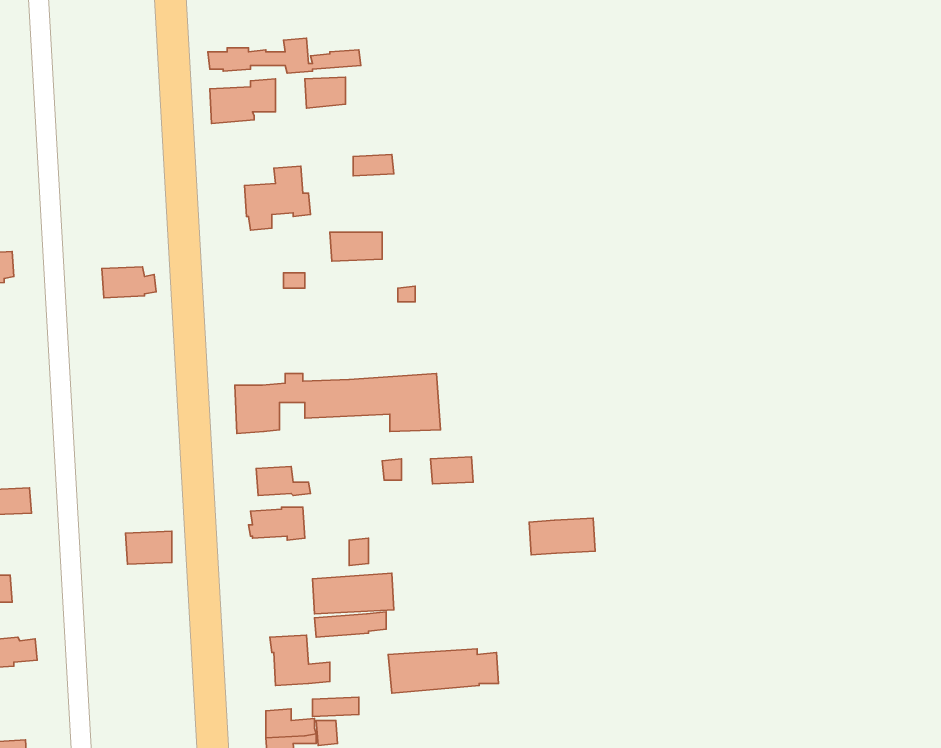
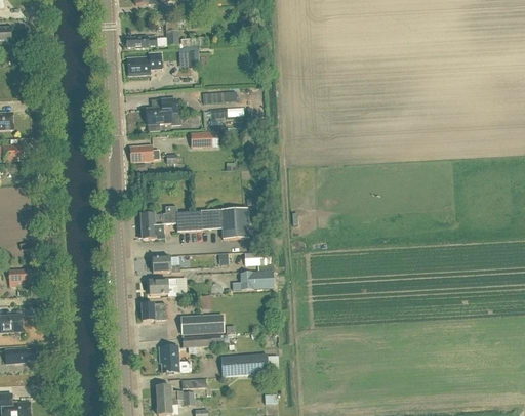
building: [102,267,156,298] -> [129,144,158,161]
building: [529,518,595,555] -> [239,269,274,289]
building: [125,531,172,564] -> [140,302,165,320]

